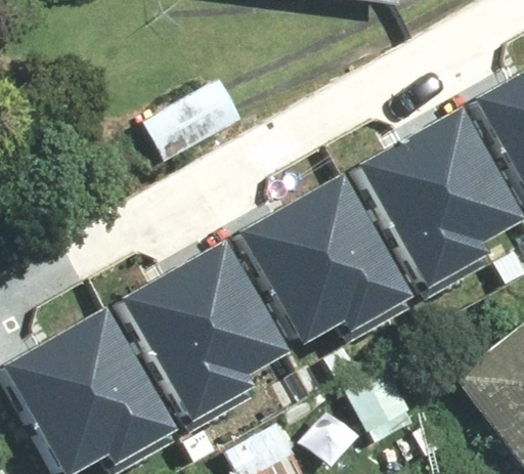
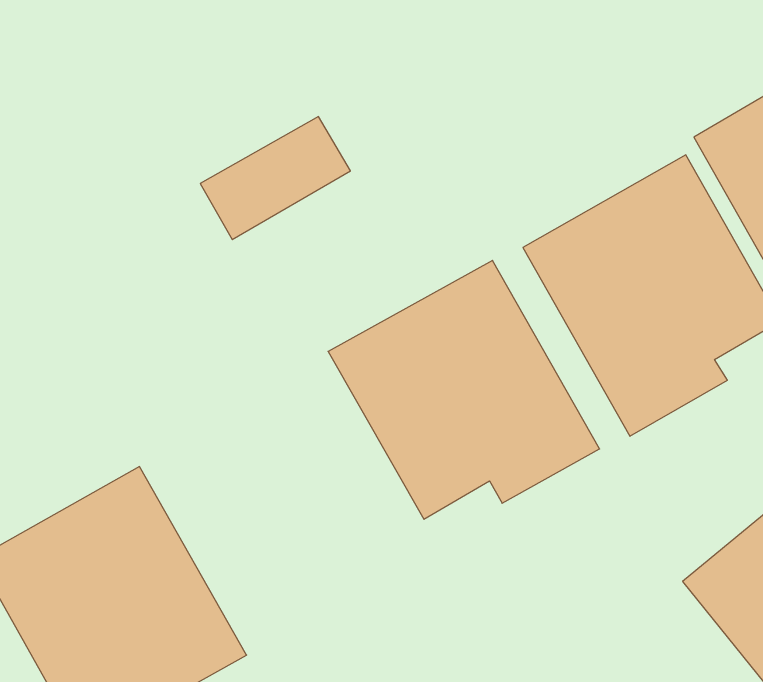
building: [125,236,290,417] -> none

